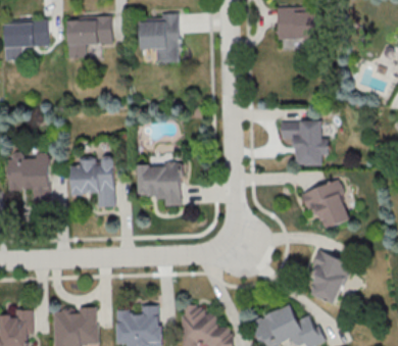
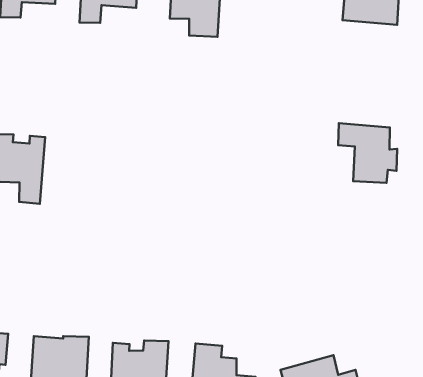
building: [71,155,114,206] -> none
building: [137,163,182,206] -> none
building: [301,180,351,229] -> none
building: [307,251,350,303] -> none

